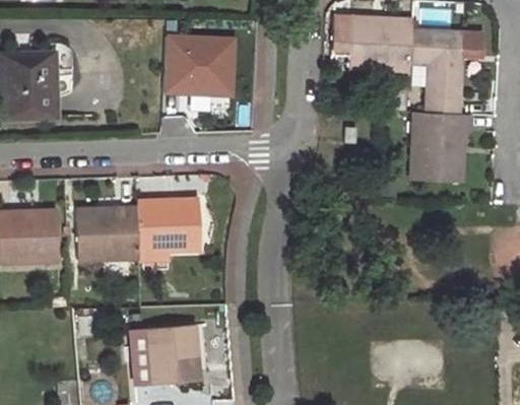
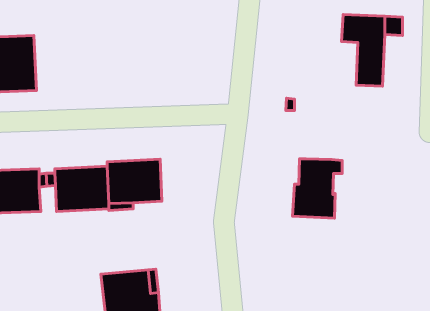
building: [332,17,412,68] -> none
building: [165,33,236,94] -> none
building: [412,112,470,181] -> [293,159,342,218]

